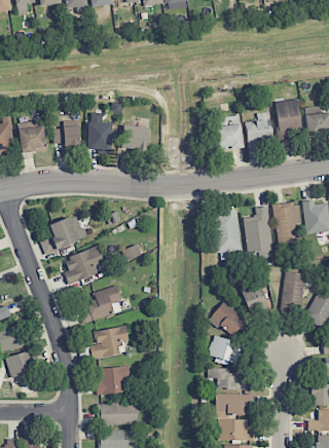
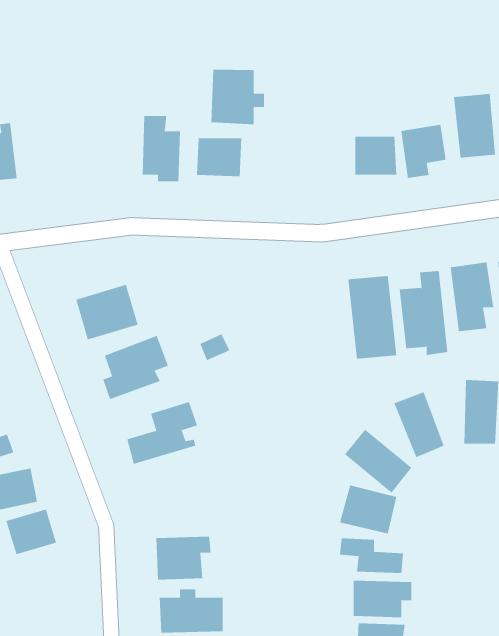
building: none -> [211,69,265,125]
building: [20,127,46,152] -> none
building: [53,127,80,145] -> none
building: [92,326,130,359] -> none

